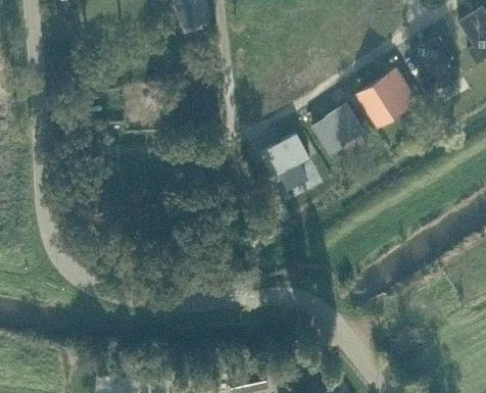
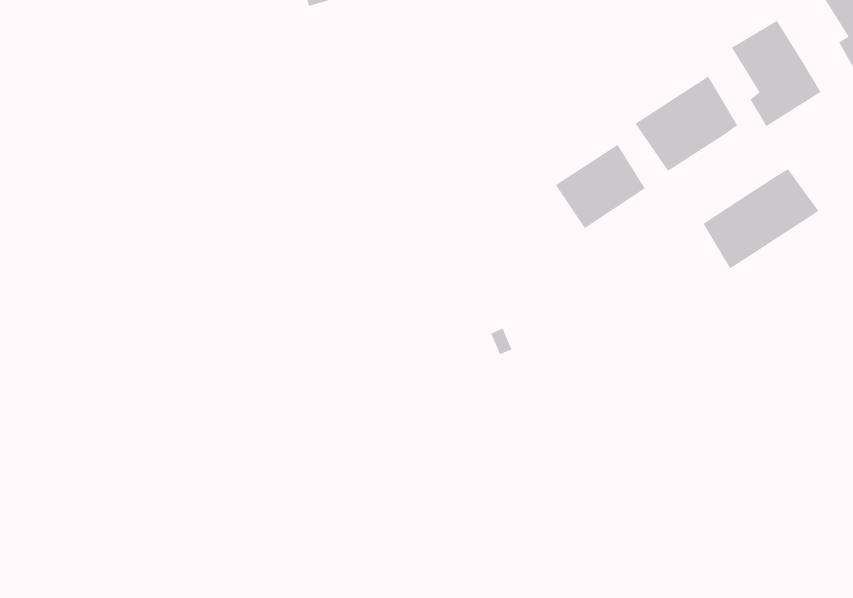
building: none -> [702,168,820,269]
building: [262,140,305,188] -> none

